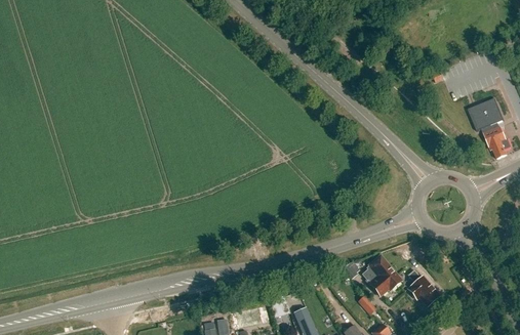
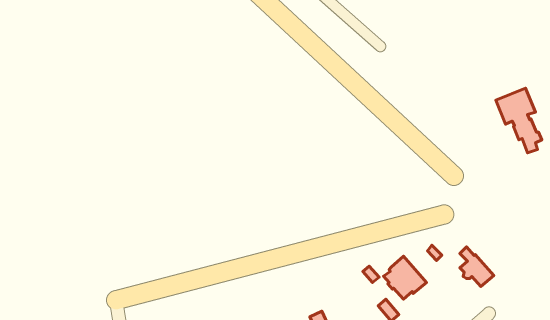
building: [408,268,440,305] -> [460,247,494,286]

